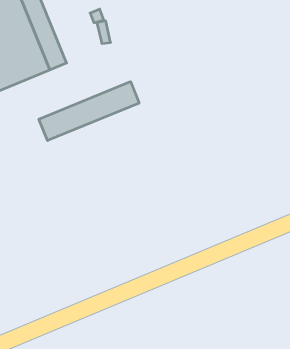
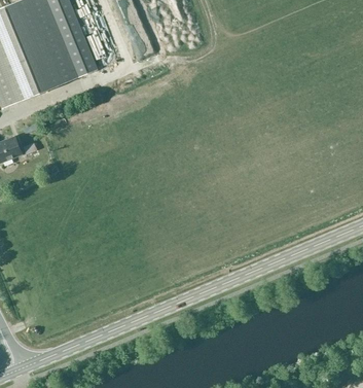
building: [39,82,139,141] -> none

